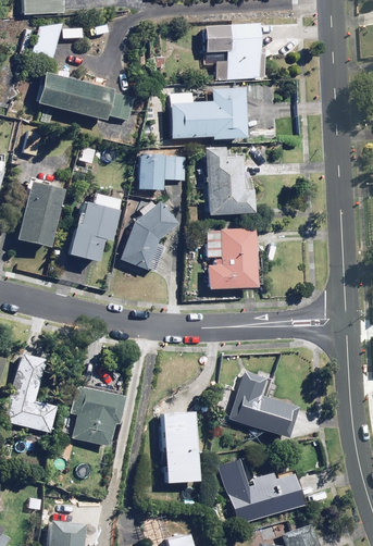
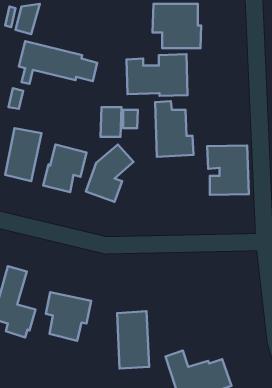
building: [206,226,258,288] -> [207,145,249,195]
building: [226,367,298,435] -> none

